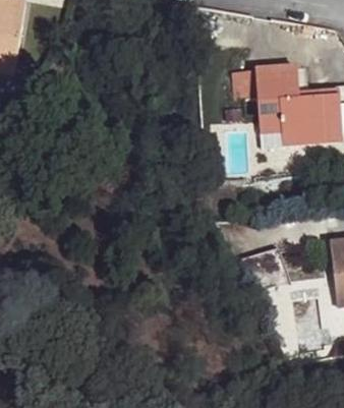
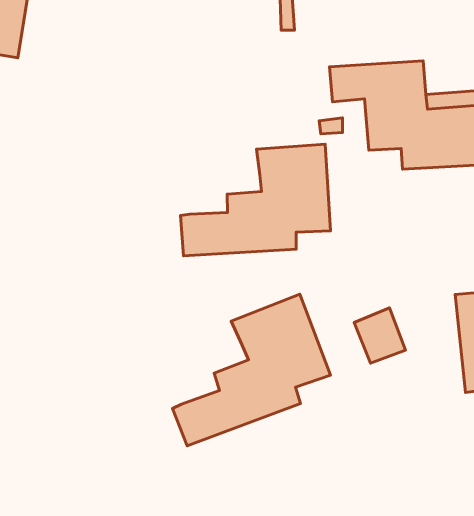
building: none -> [181,144,331,256]
building: none -> [173,294,331,446]

